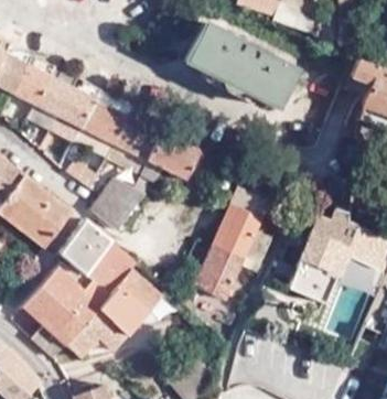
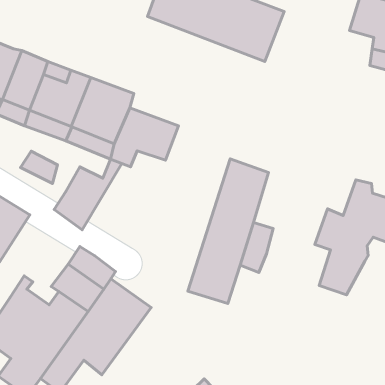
building: [61,219,110,271] -> none

